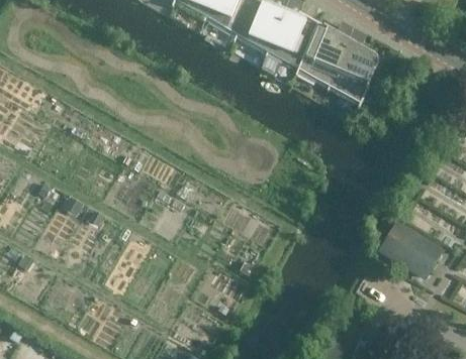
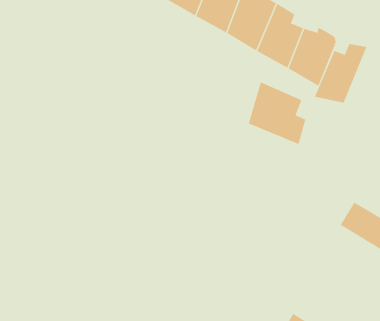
building: none -> [314,43,367,104]
building: none -> [248,81,306,145]

